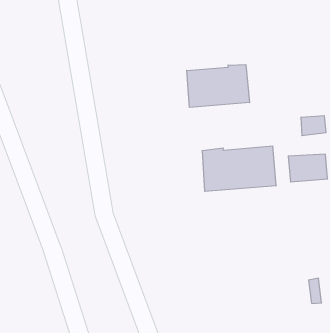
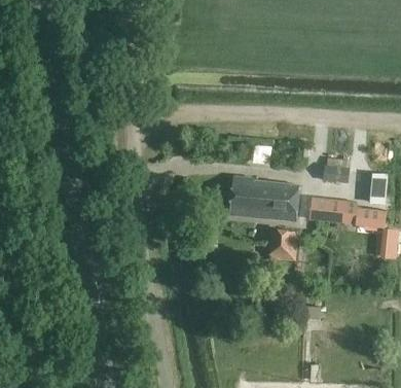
building: [187,65,250,107] -> none
building: none -> [270,231,298,261]

